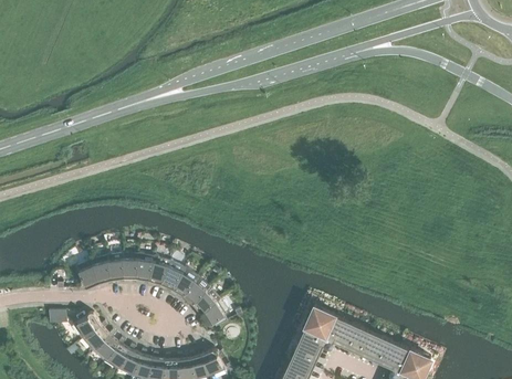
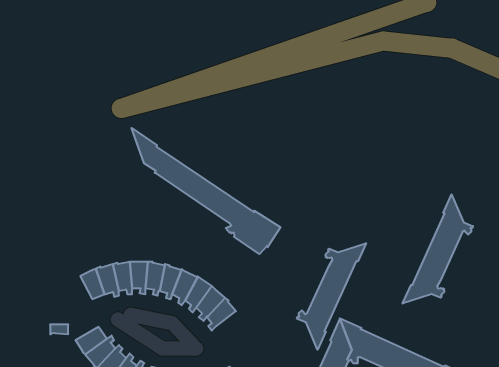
building: none -> [131,128,280,254]
building: none -> [403,194,473,304]
building: none -> [297,243,366,350]
building: [199,298,228,327] -> none

